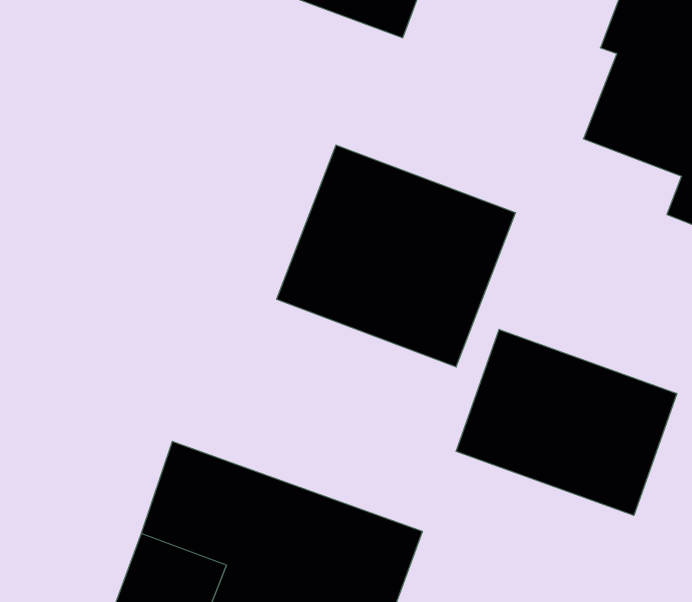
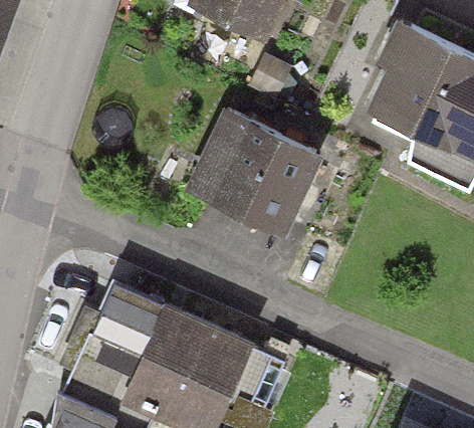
building: [456,329,677,515] -> none

